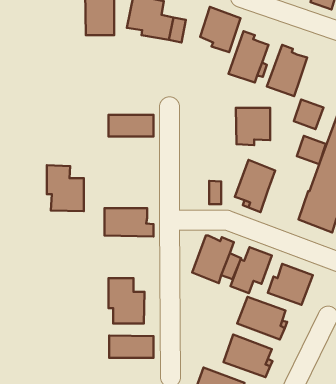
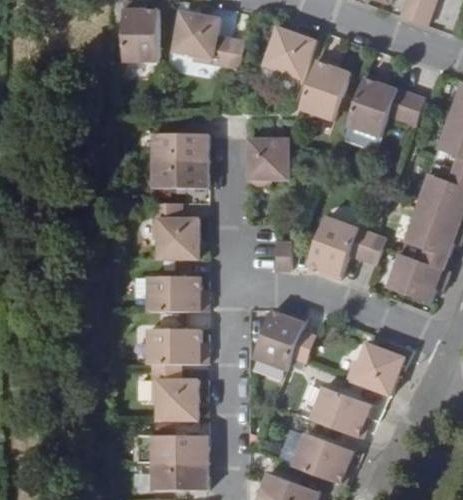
building: none -> [150,132,207,160]
building: [294,99,324,129] -> [388,89,425,126]
building: [236,108,270,145] -> [246,139,289,185]
building: [297,136,326,164] -> [348,229,384,264]
building: [47,165,84,211] -> [150,202,196,259]
building: [231,247,272,293] -> none
building: none -> [145,328,206,364]
building: none -> [150,462,206,490]

